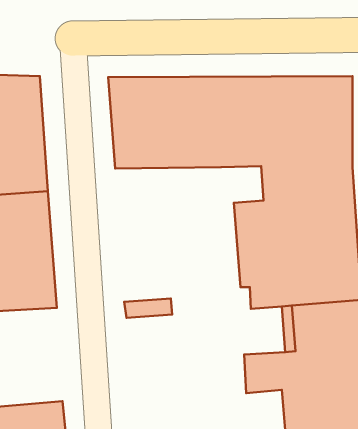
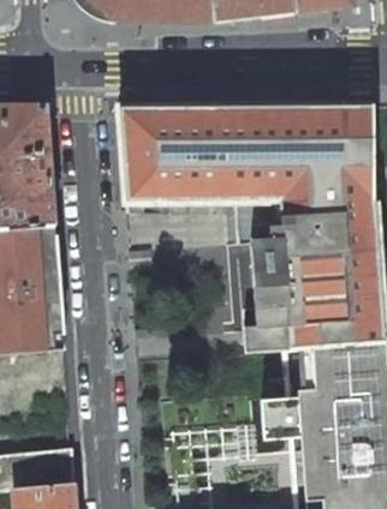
building: none -> [237,199,281,349]

